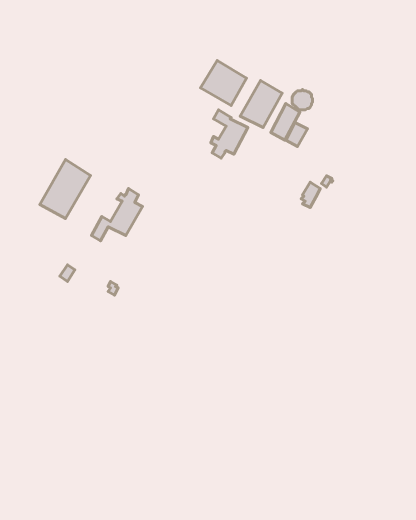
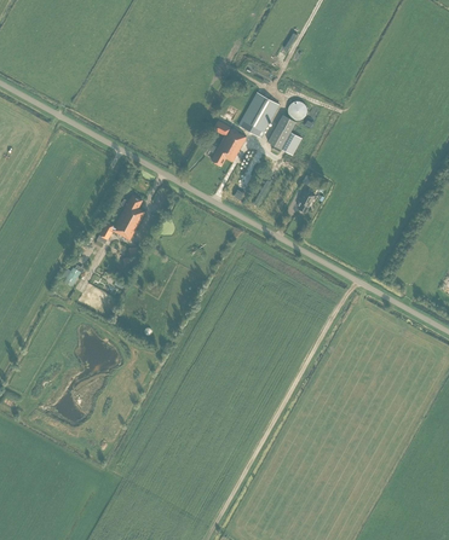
building: [200,61,247,105] -> none
building: [40,159,90,219] -> none

